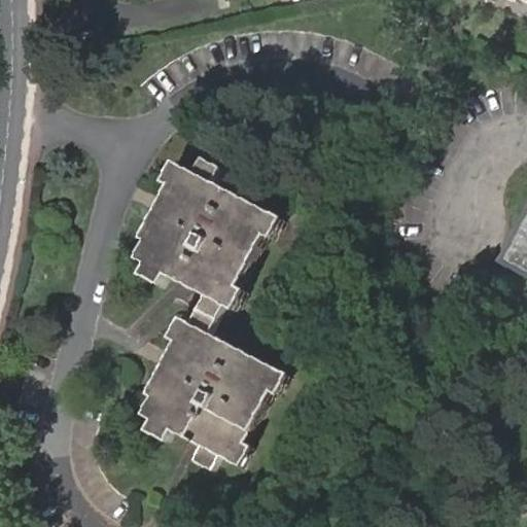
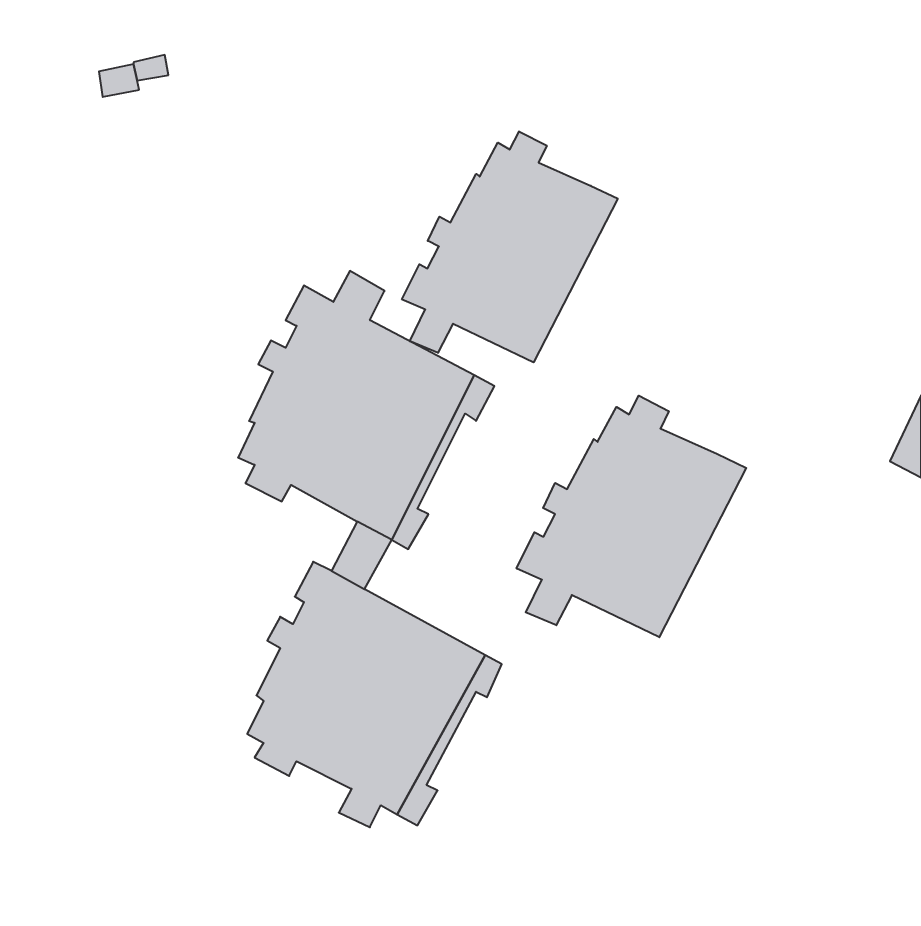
building: none -> [402,131,618,362]
building: none -> [517,396,746,637]

